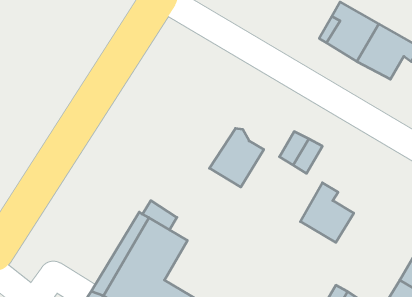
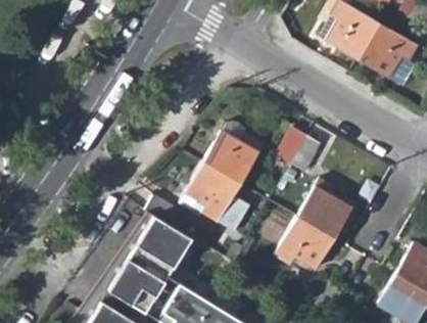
building: none -> [188,166,247,231]
building: none -> [277,218,335,268]

